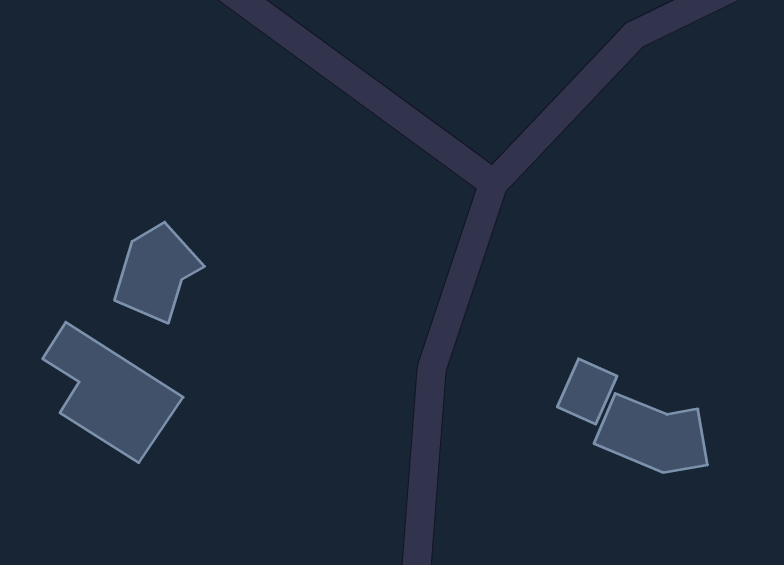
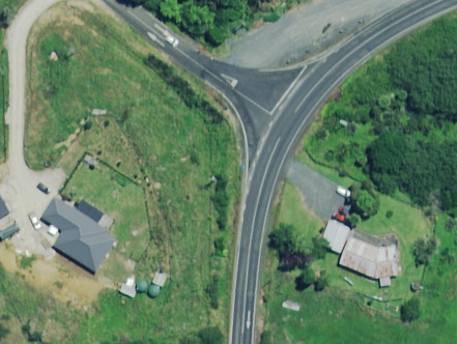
building: [115,222,205,323] -> none

